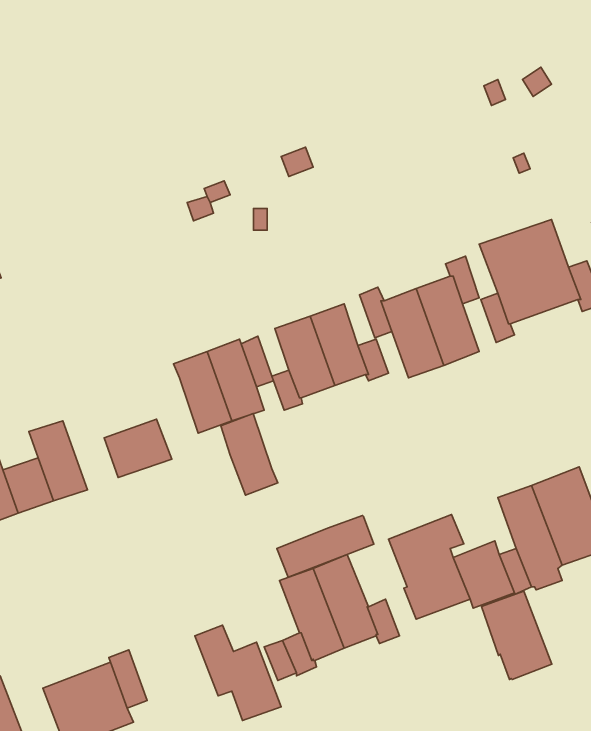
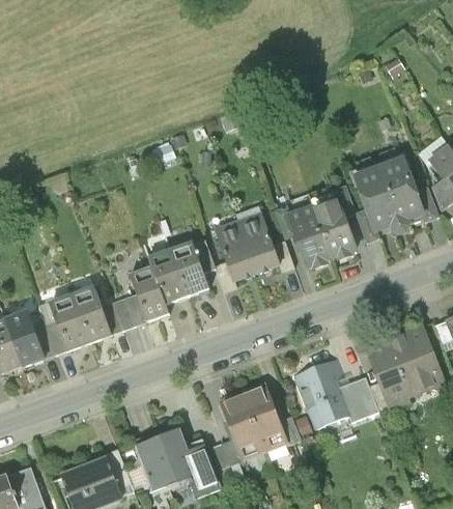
building: none -> [74,286,111,341]
building: [221,414,278,495] -> [131,265,169,320]
building: [277,516,374,577] -> none
building: [482,591,552,680] -> none
building: none -> [135,435,178,490]

